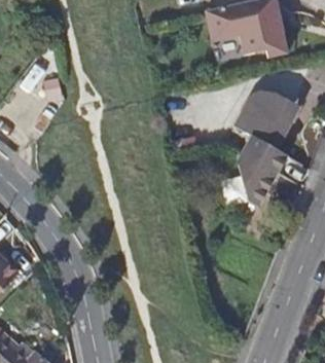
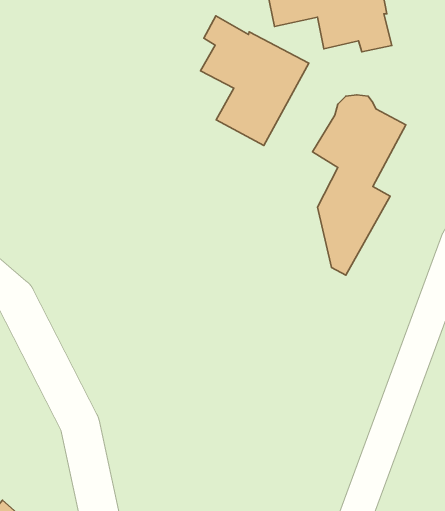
building: none -> [201,16,309,145]

